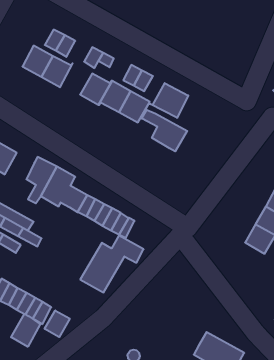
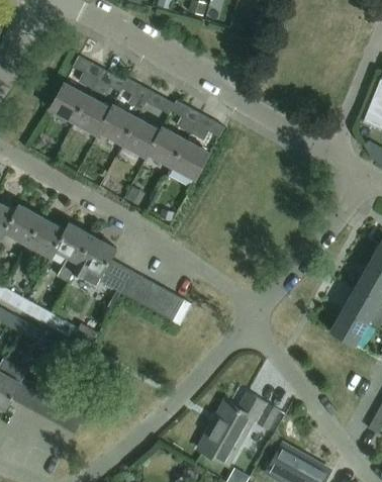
building: none -> [97,104,137,143]
building: [150,83,188,118] -> none
building: [142,110,187,151] -> none
building: none -> [27,217,65,258]
building: [80,236,144,292] -> [198,392,278,464]
building: [45,310,70,337] -> none
building: [11,314,40,347] -> none

